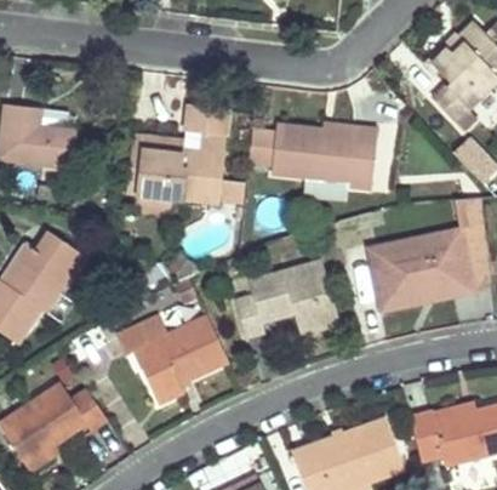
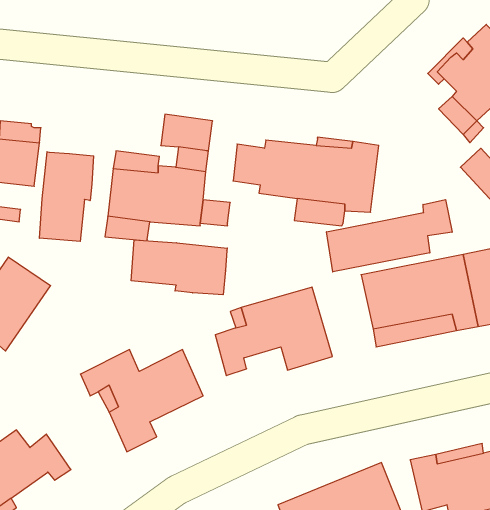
building: none -> [39,152,94,241]
building: none -> [327,200,452,272]
building: none -> [131,240,227,295]

